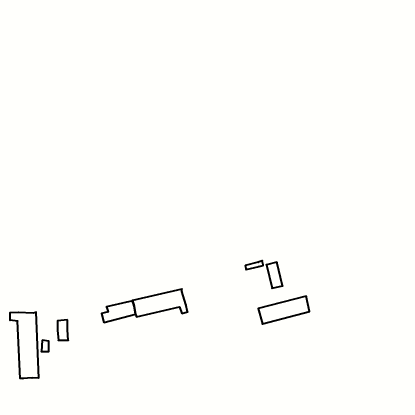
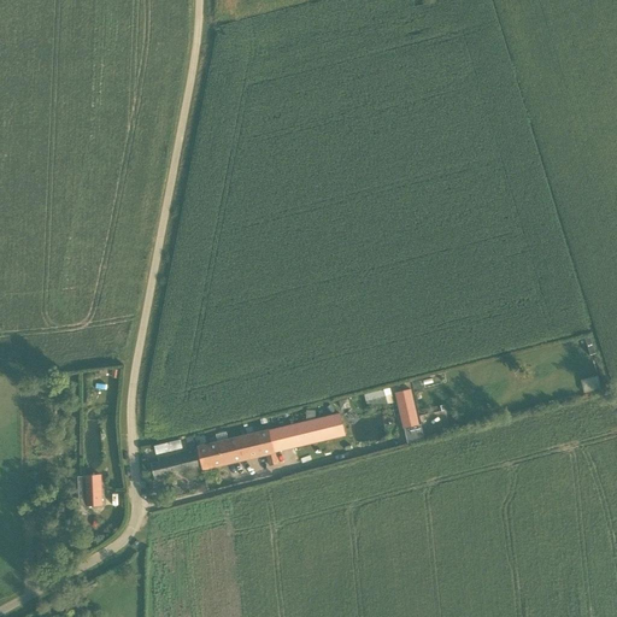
building: [258,296,309,324] -> [270,411,346,452]
building: [10,312,39,379] -> none

